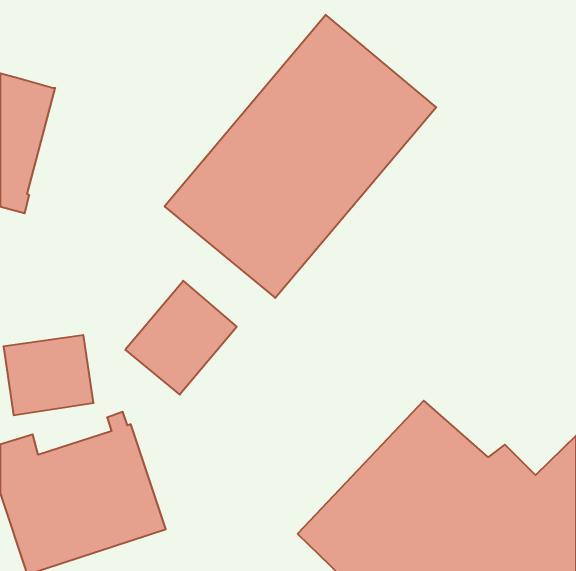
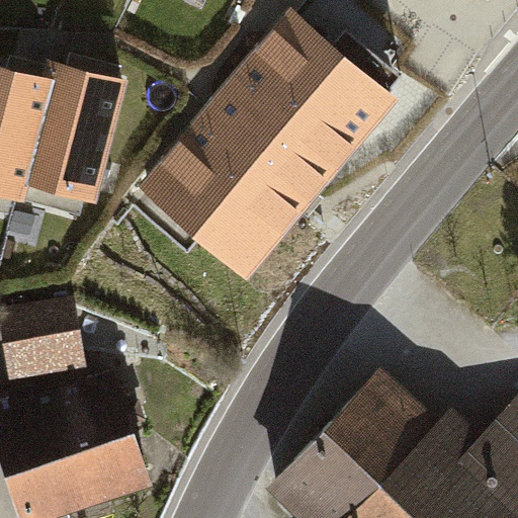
building: none -> [24,67,122,197]
building: [125,281,237,395] -> none

